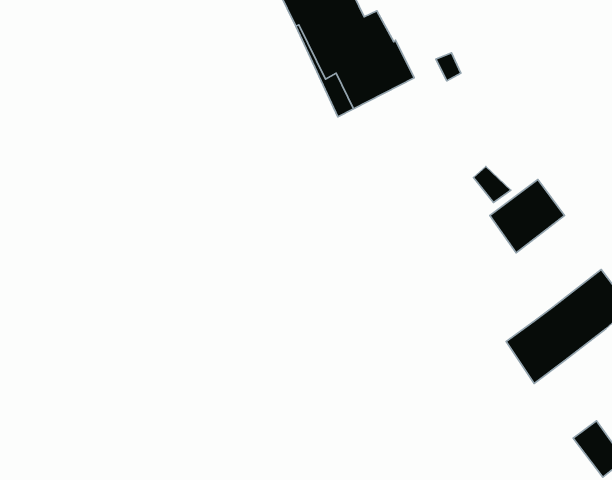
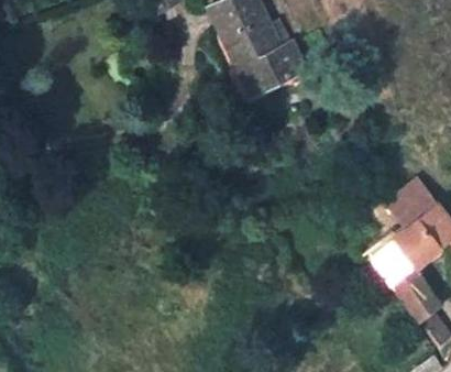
building: [490,180,564,253] -> [386,179,439,231]
building: none -> [392,269,441,324]

